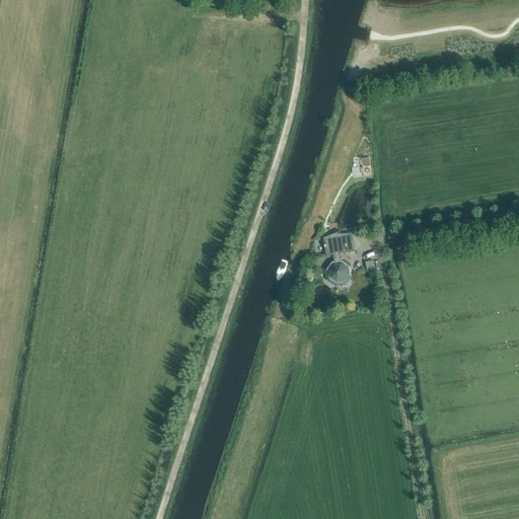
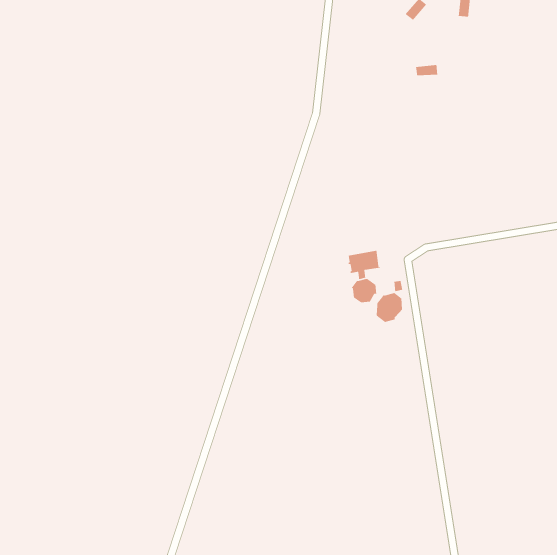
building: none -> [376,292,403,323]

